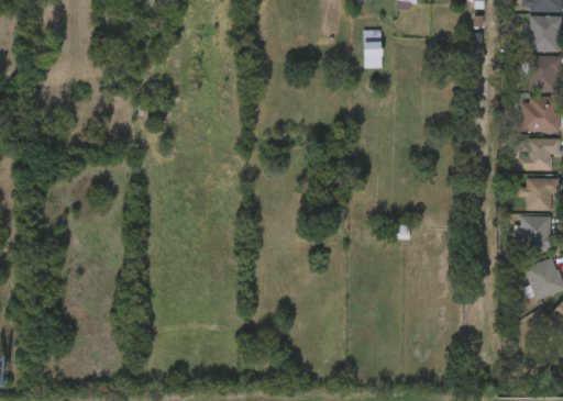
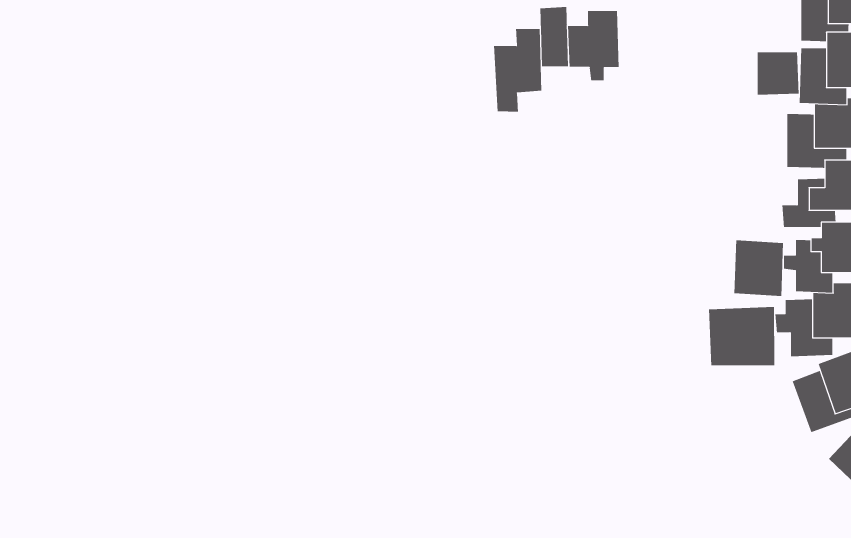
building: none -> [568,10,619,81]
building: none -> [494,28,542,112]
building: none -> [757,51,799,95]
building: none -> [734,239,784,297]
building: none -> [708,306,775,366]

